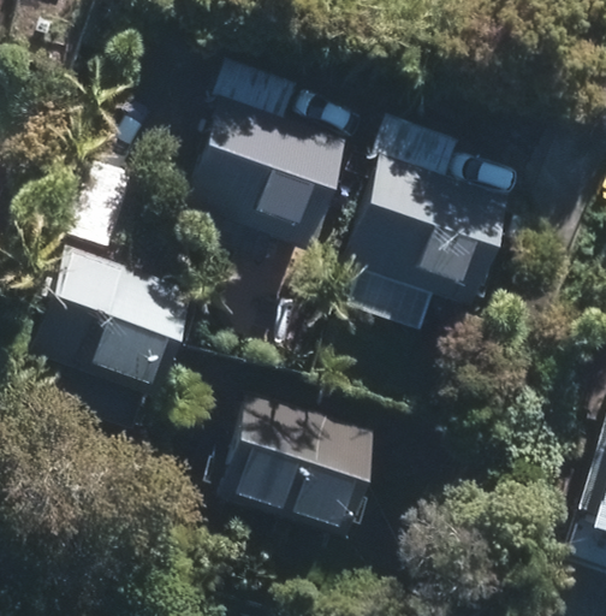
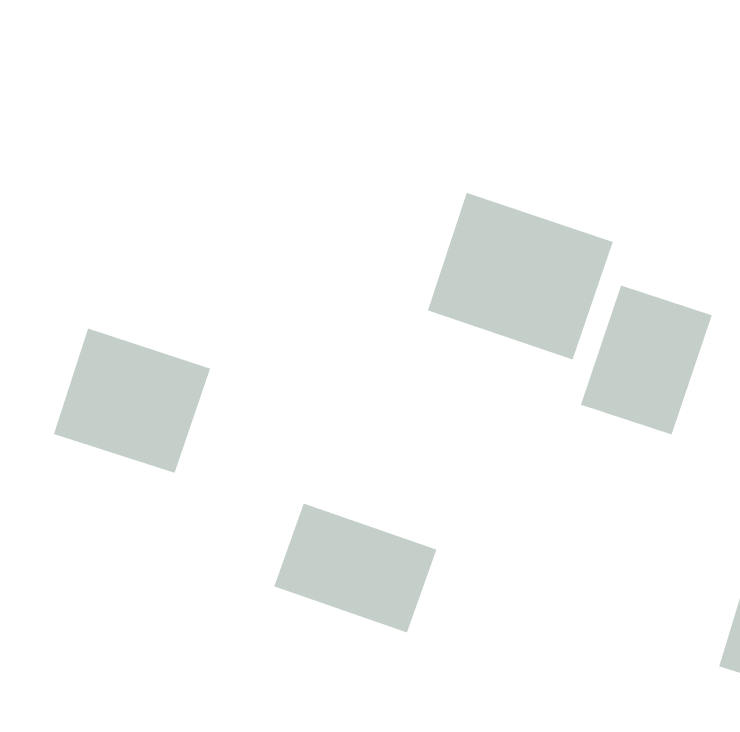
building: [195,100,338,235] -> none
building: none -> [580,284,713,436]

